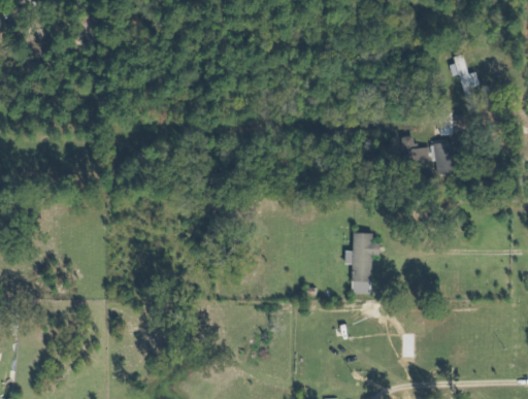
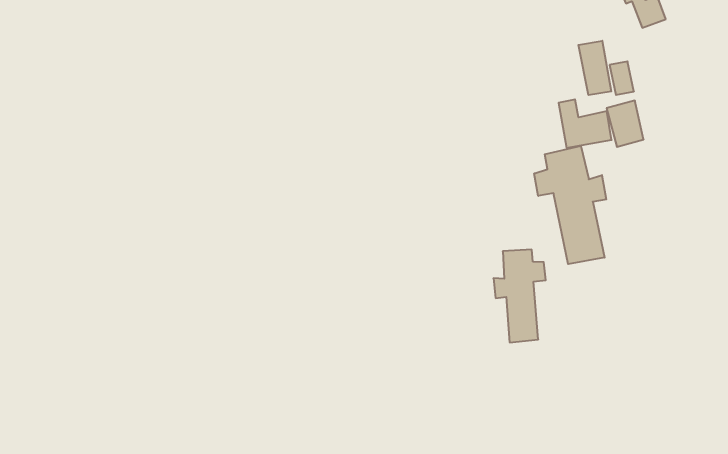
building: none -> [578,41,611,95]
building: none -> [534,146,606,264]

